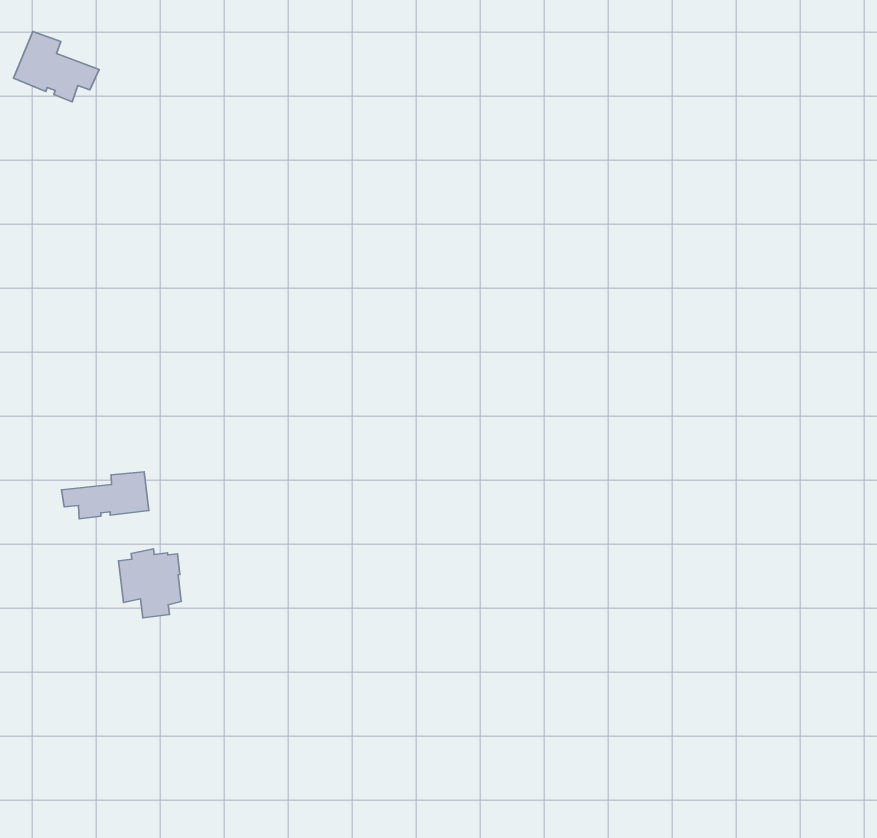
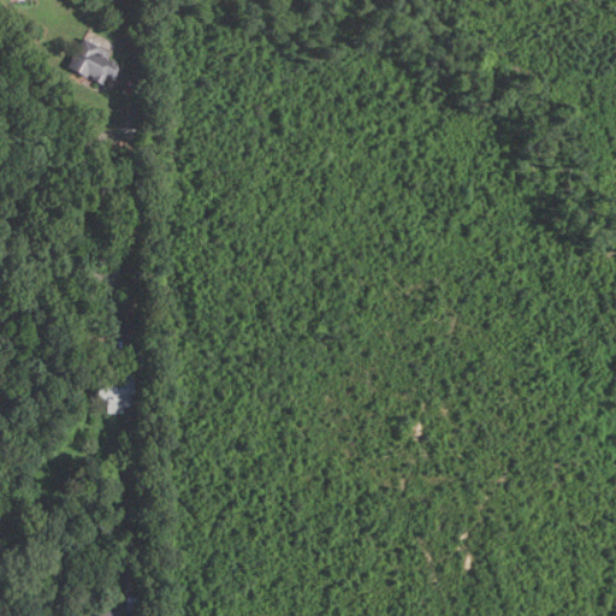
building: [61,472,149,519] -> none

